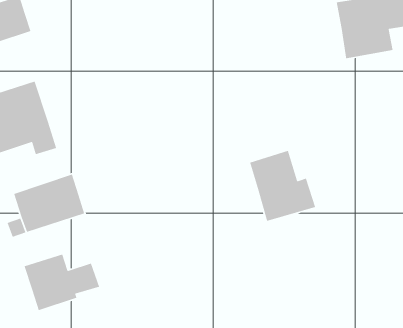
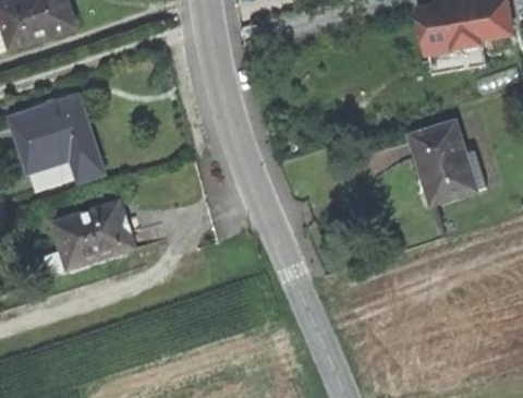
building: [249,150,316,222] -> [409,117,485,198]
building: [23,254,100,311] -> none

